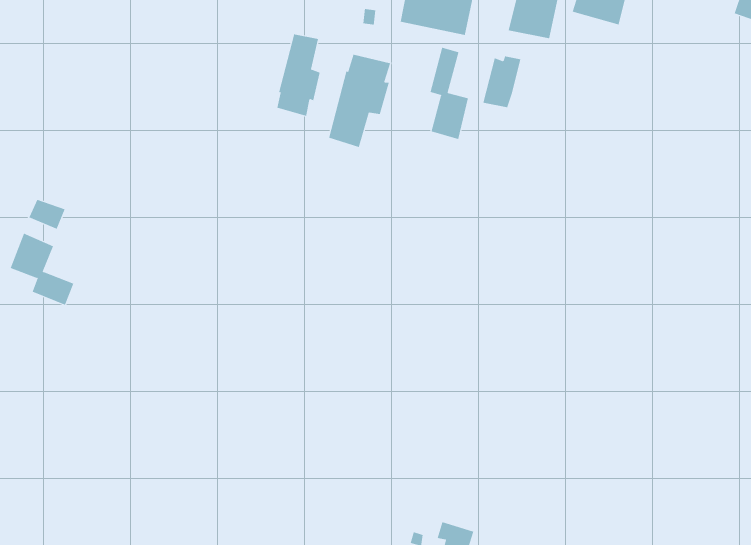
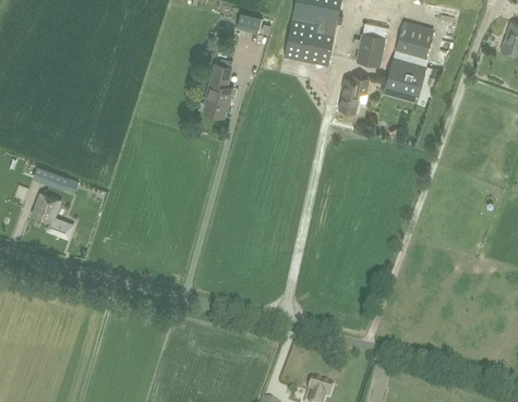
building: none -> [383,57,425,100]
building: [430,47,469,140] -> none
building: [329,54,391,148] -> none

